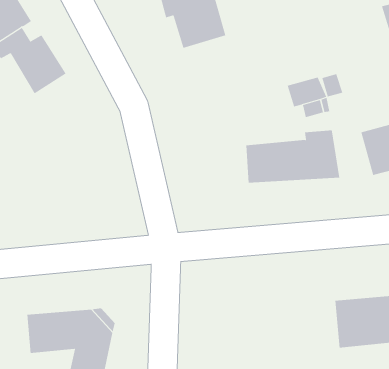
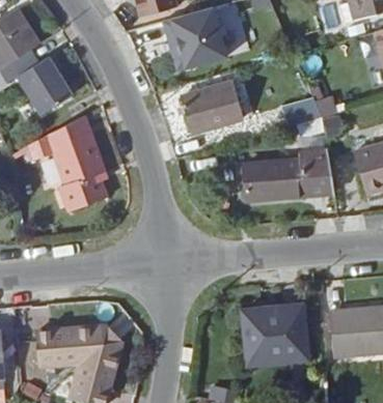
building: none -> [180,82,244,135]
building: none -> [29,116,97,208]
building: none -> [242,304,308,365]

